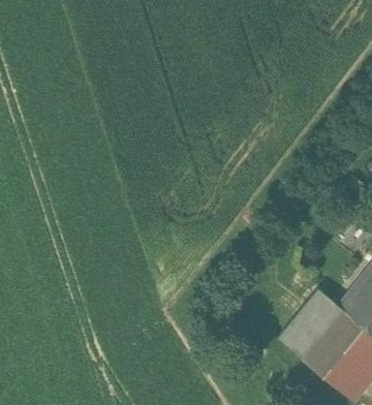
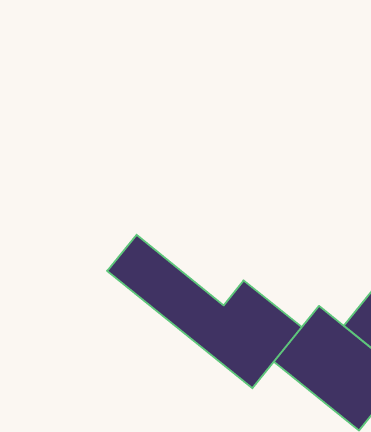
building: none -> [107,235,302,388]

